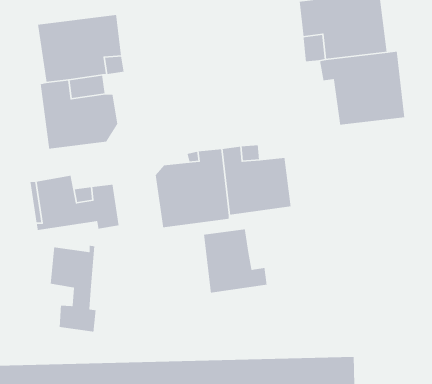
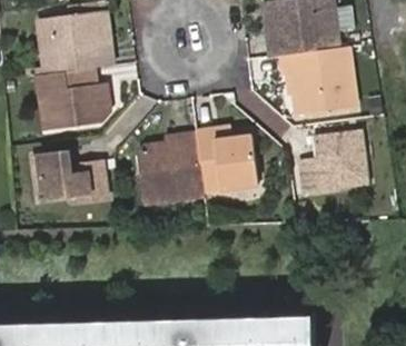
building: none -> [299,131,369,199]
building: [203,229,267,294] -> none
building: [50,245,97,332] -> none

